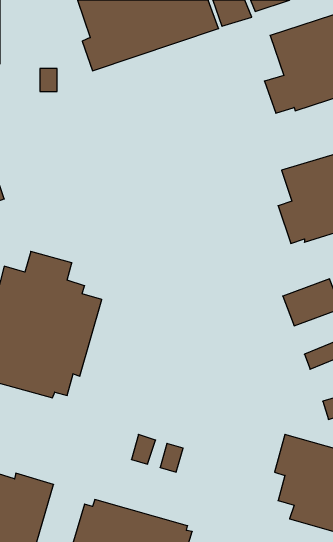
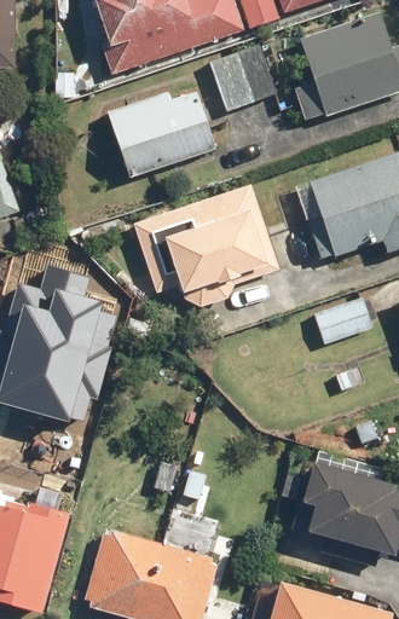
building: none -> [208,45,276,111]
building: none -> [106,91,216,178]
building: none -> [132,185,279,299]

